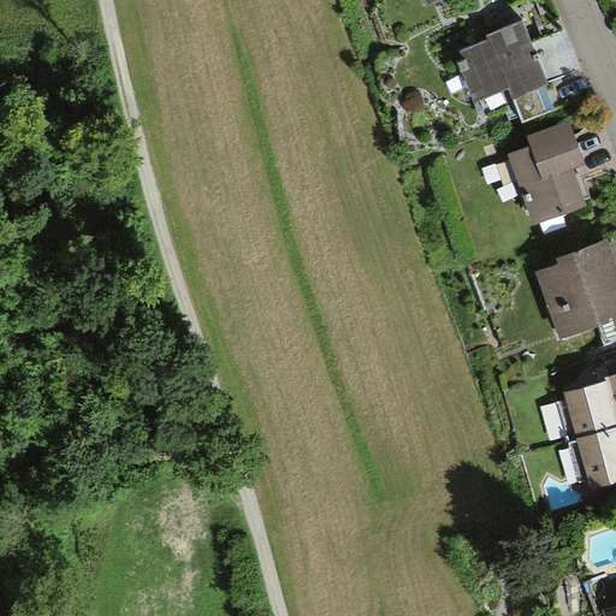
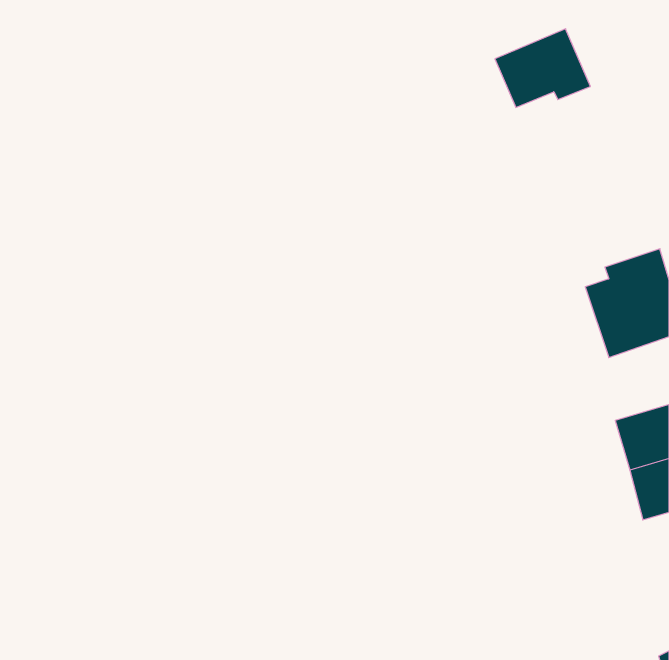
building: [509,120,586,226] -> none

